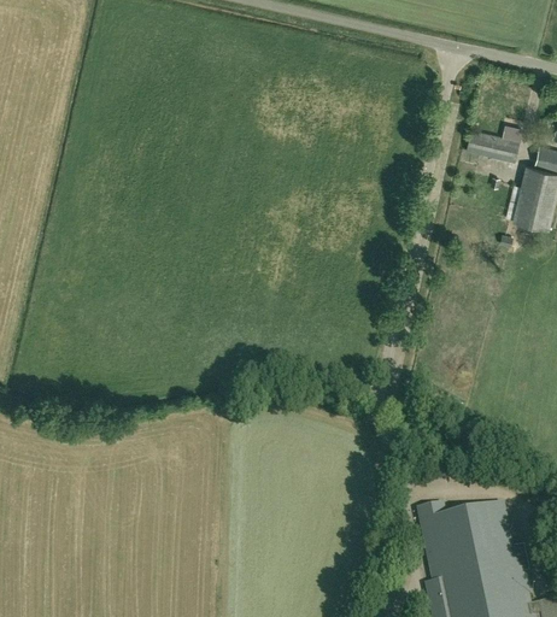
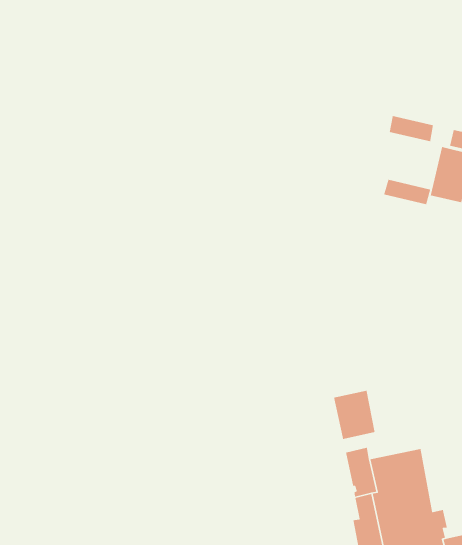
building: none -> [383,179,431,205]
building: none -> [333,390,376,440]

